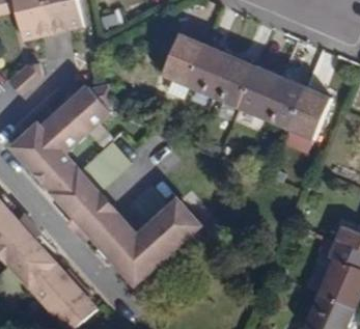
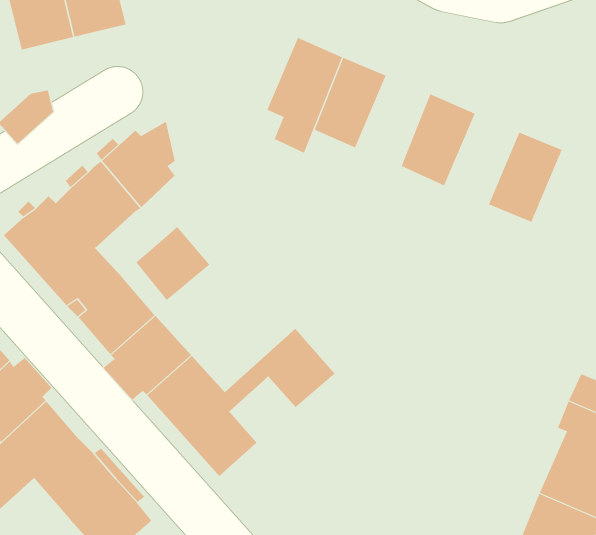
building: [213,54,255,106] -> none
building: [264,76,306,128] -> none
building: [141,226,182,268] -> none

